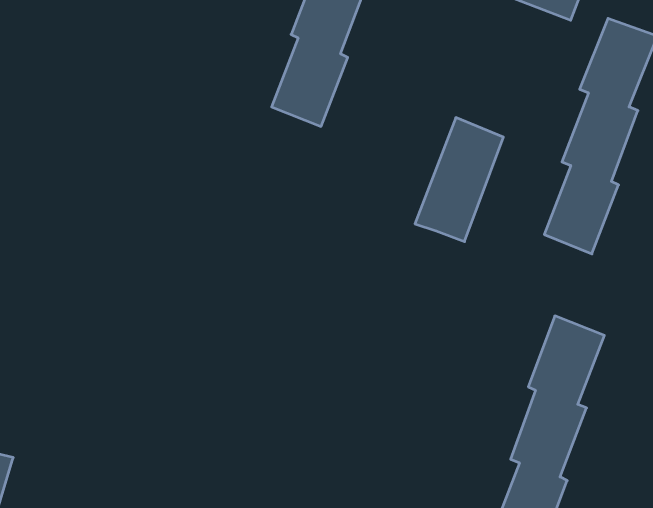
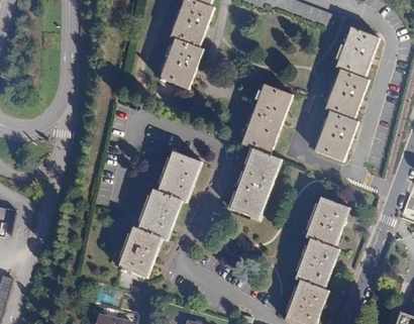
building: none -> [229,148,281,219]
building: none -> [118,151,201,278]

